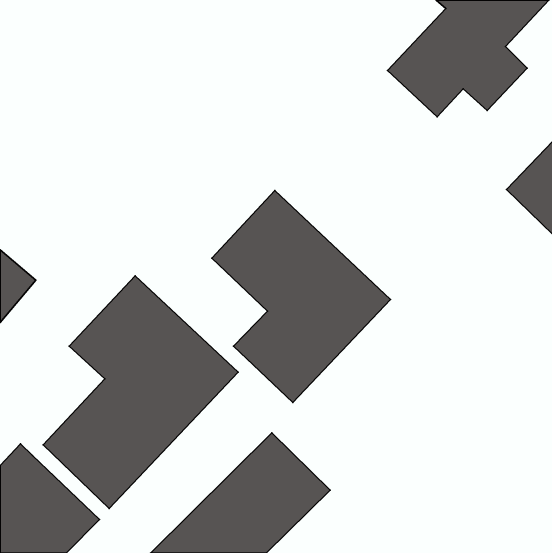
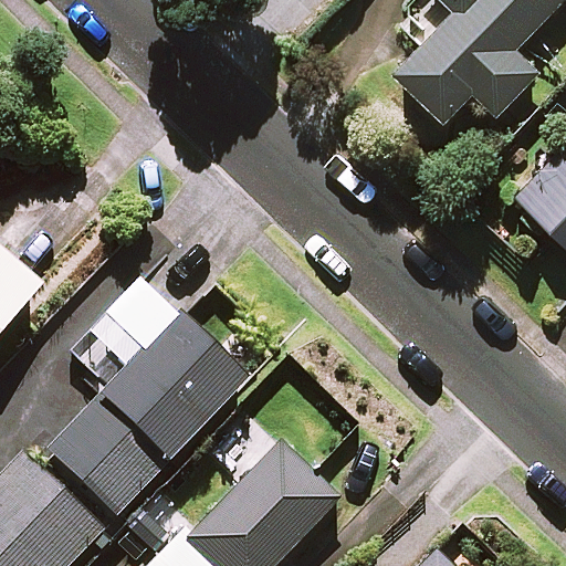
building: [212,190,390,402] -> none

